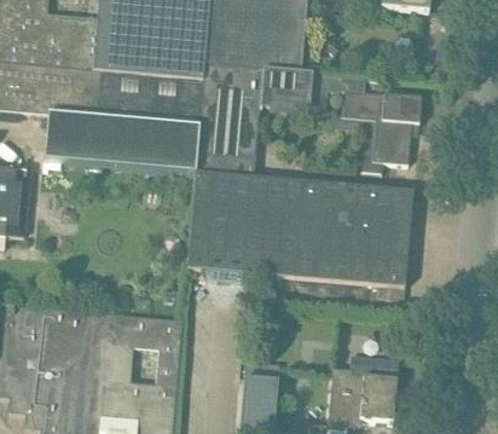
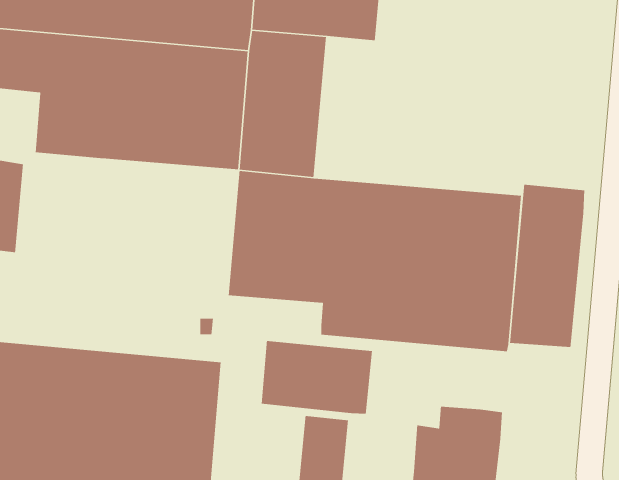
building: [259,66,421,161] -> none
building: none -> [509,184,585,348]
building: none -> [261,340,373,414]

